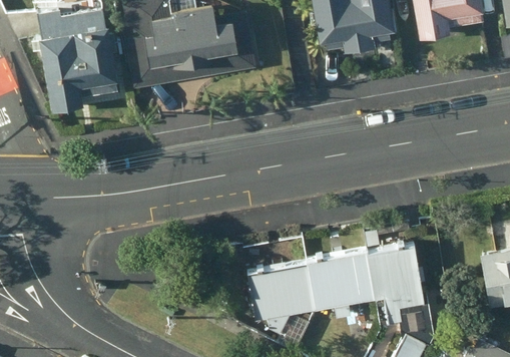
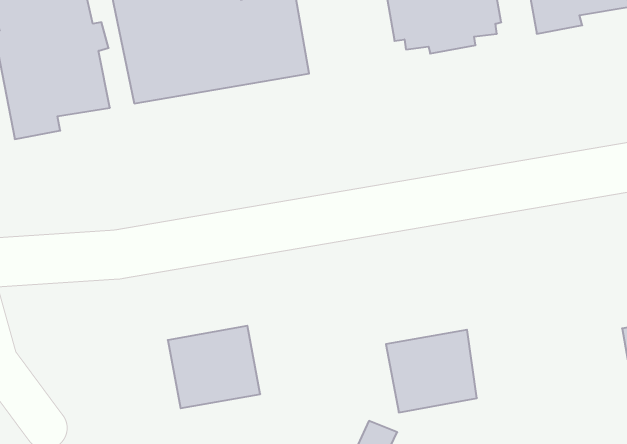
building: [370,242,433,324] -> none
building: [257,260,322,318] -> [168,326,260,408]

